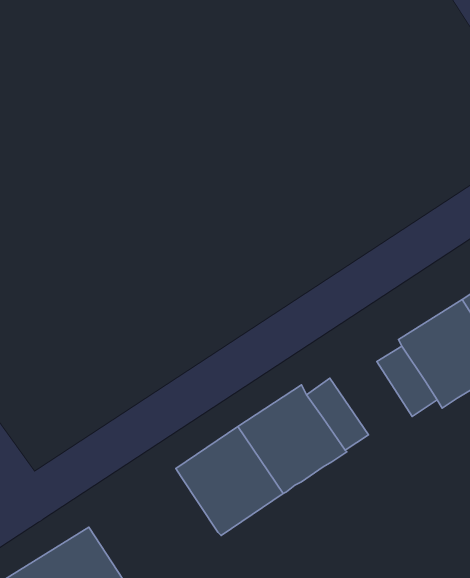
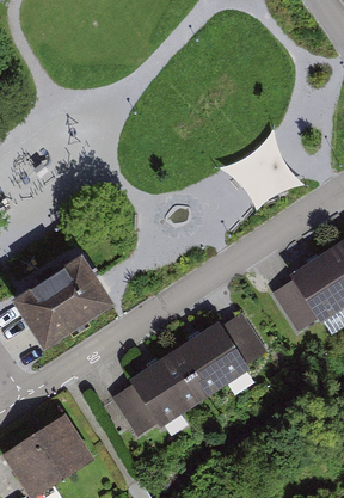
building: none -> [14,260,108,345]
building: none -> [109,377,158,431]

